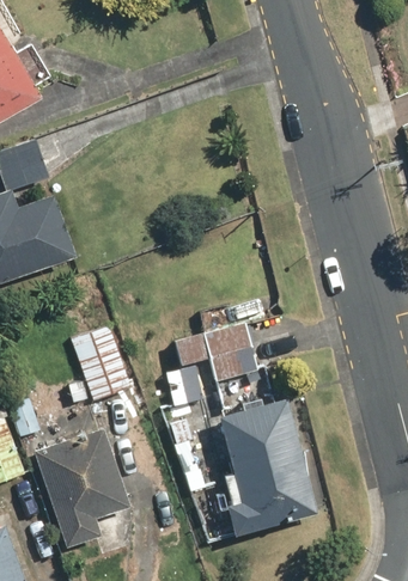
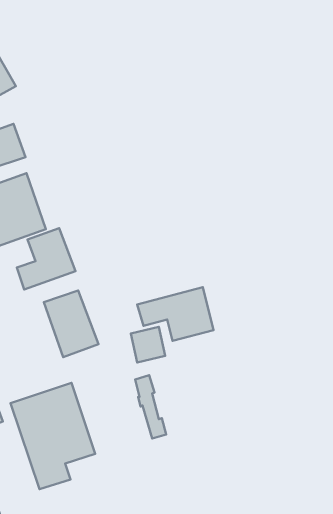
building: none -> [17,228,75,290]
building: [218,399,318,537] -> none

